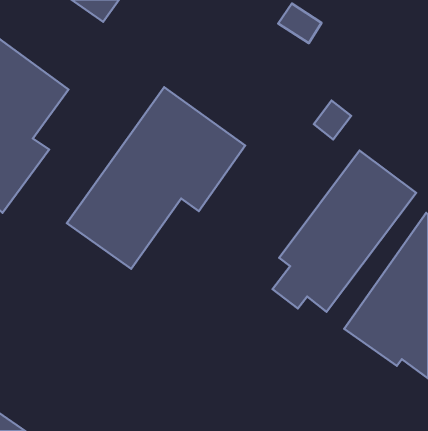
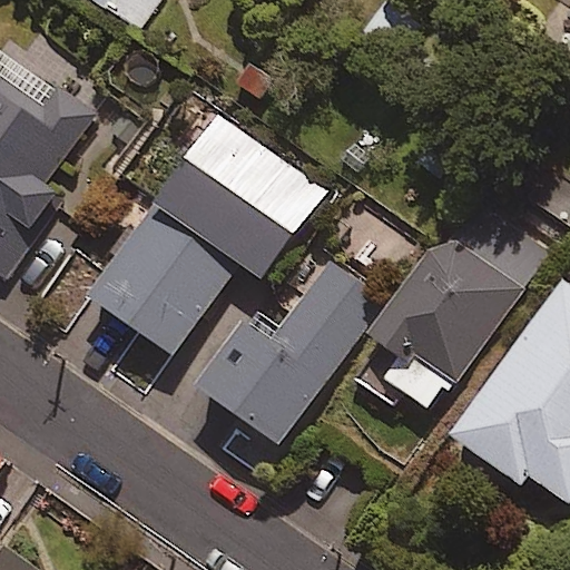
building: none -> [198,258,387,444]

